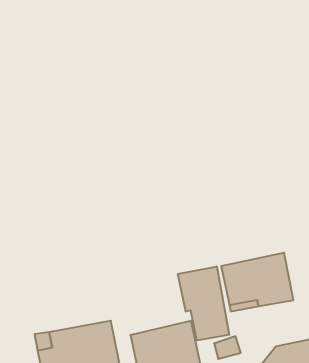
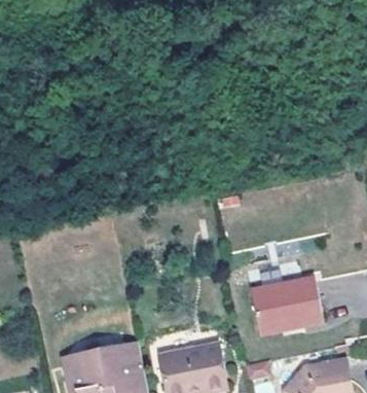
building: [178,266,229,340] -> none

